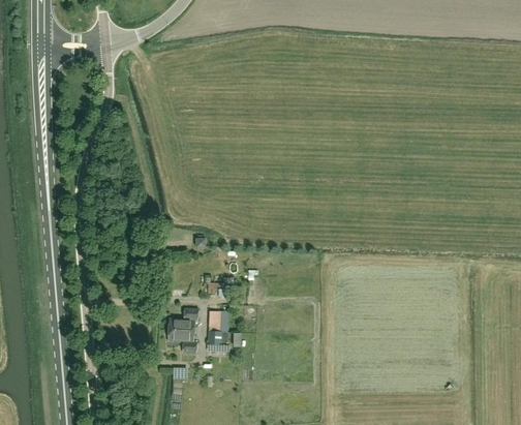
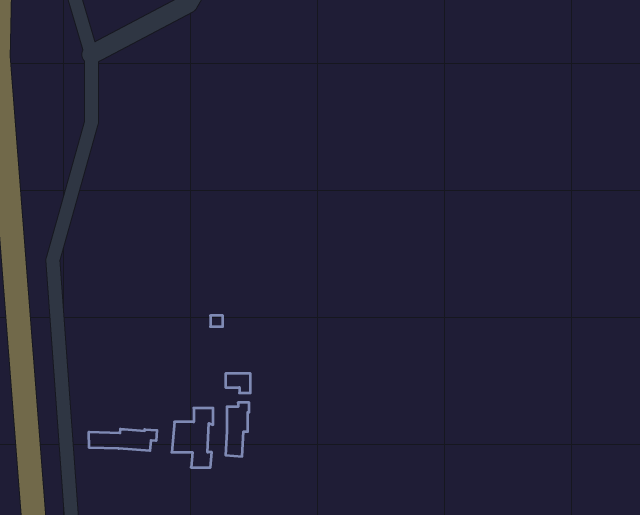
building: none -> [89,429,157,451]

